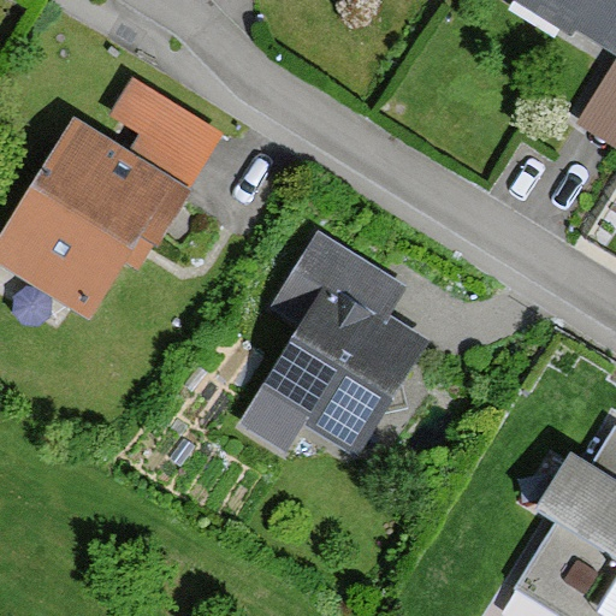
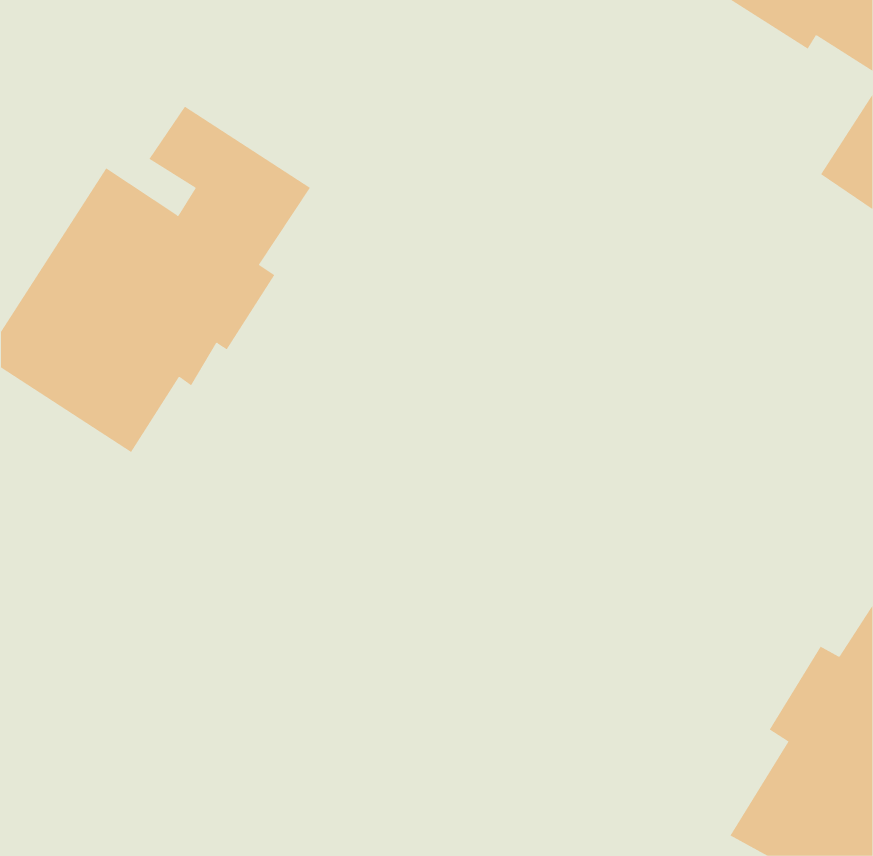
building: [239,229,431,458] -> none

